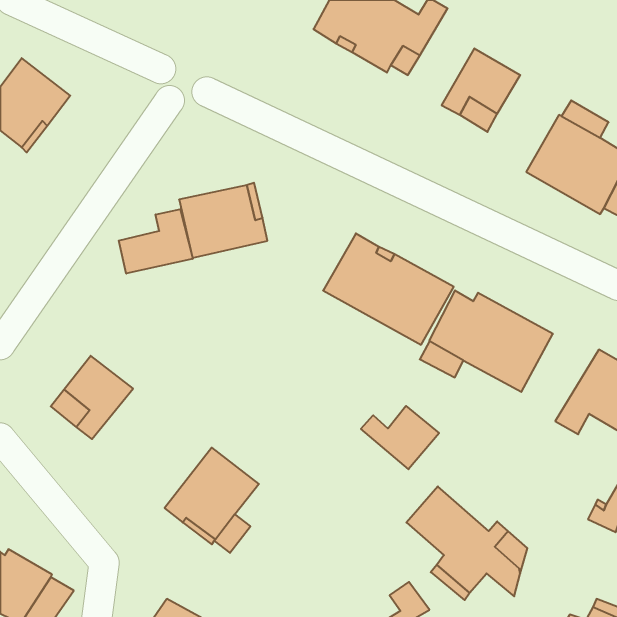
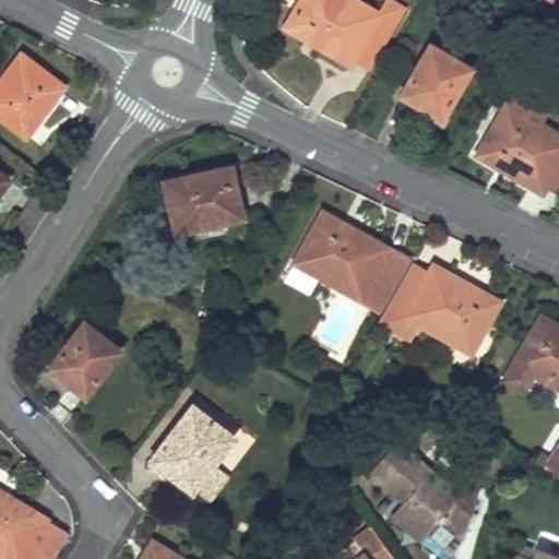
building: [119,209,193,274] -> none
building: [361,406,439,469] -> none

